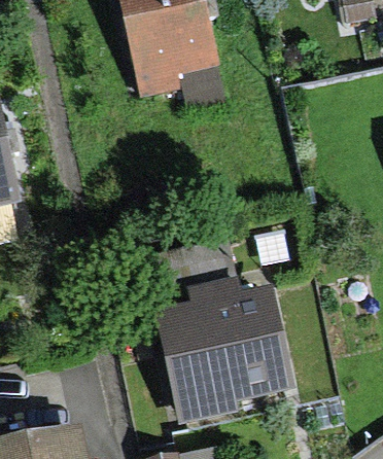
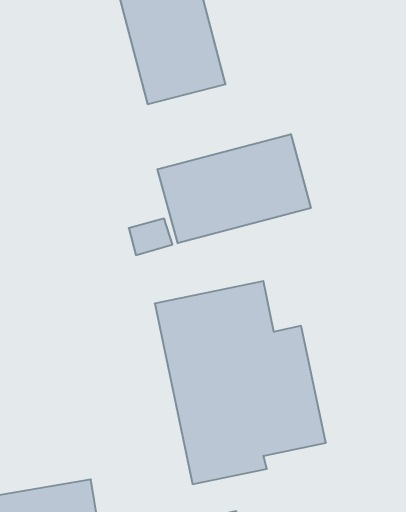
building: none -> [158,134,311,243]

